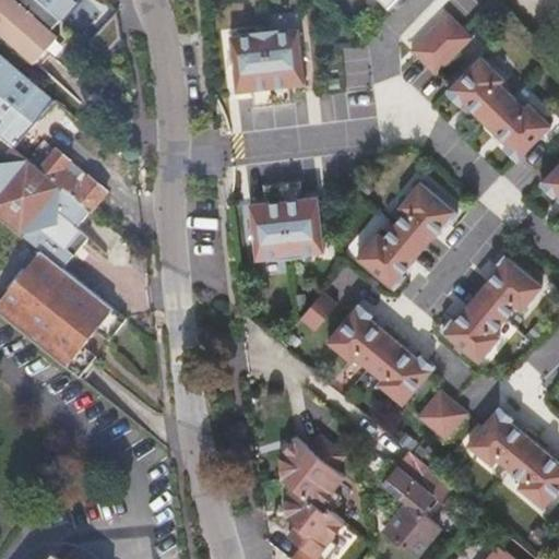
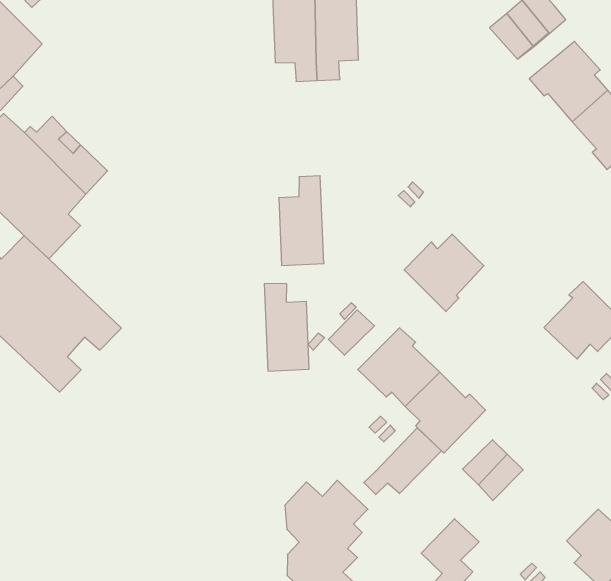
building: [394,180,457,247] -> none
building: [282,182,324,255] -> [264,284,309,371]
building: [441,294,506,360] -> none
building: none -> [364,428,442,495]
building: [466,405,533,468] -> none

